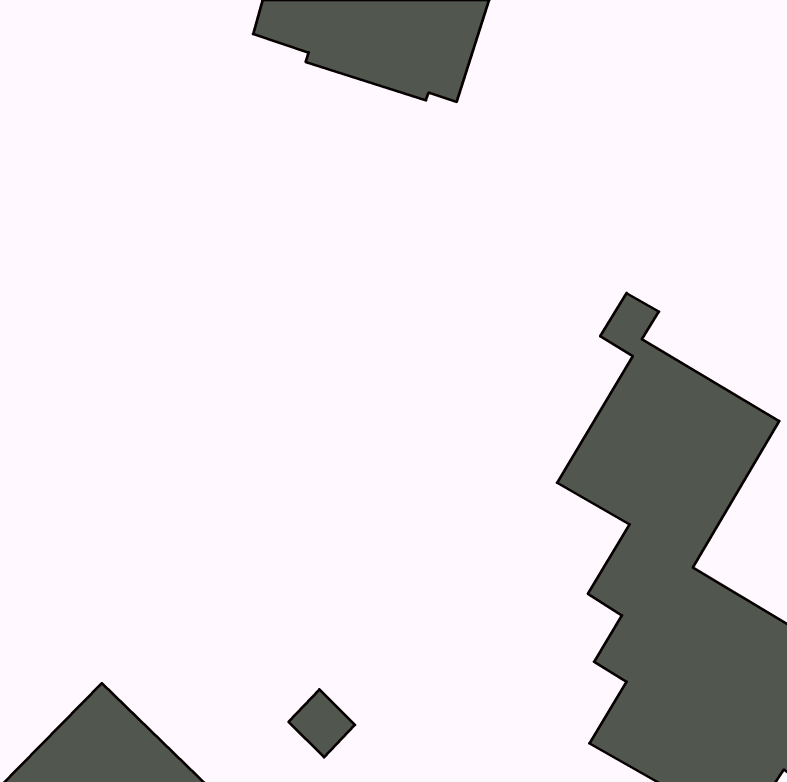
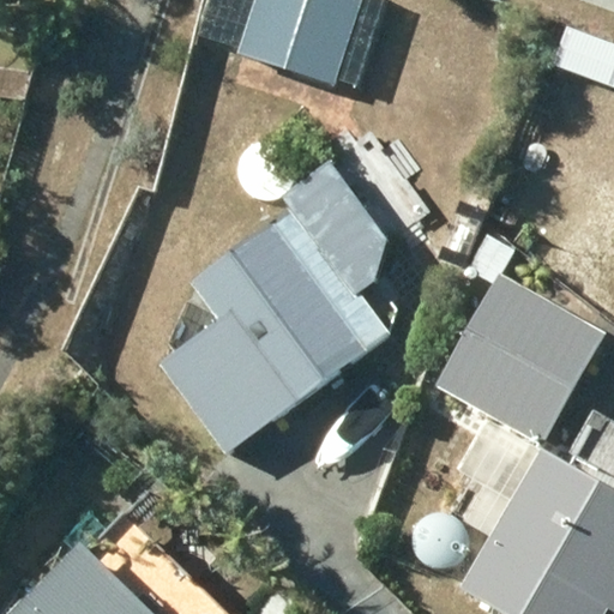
building: none -> [159,203,392,450]

